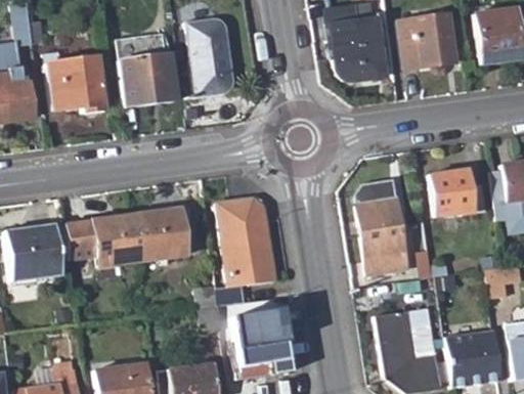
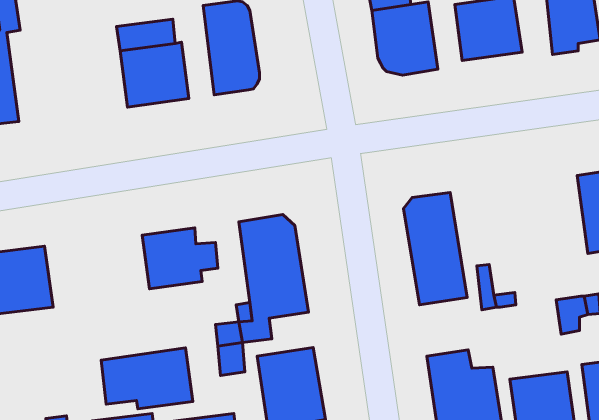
building: [46,51,105,112] -> none
building: [430,169,486,216] -> none
building: [67,214,143,265] -> [101,348,193,409]

